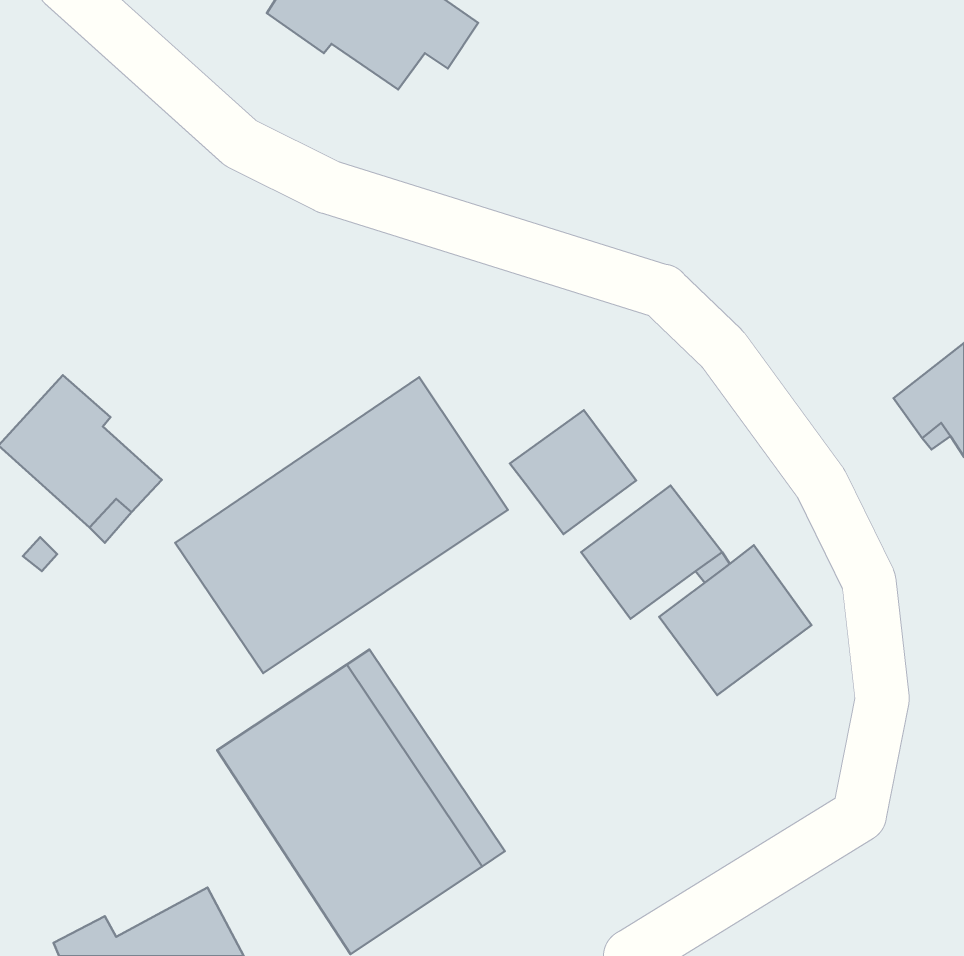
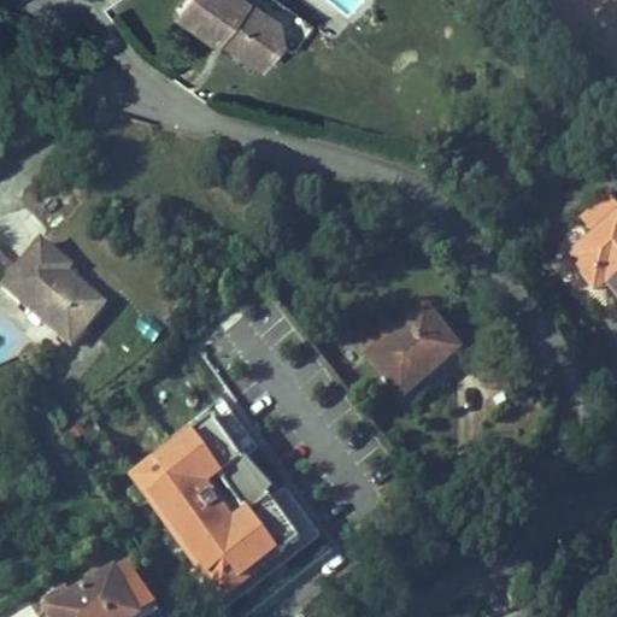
building: [175,377,508,673] -> none
building: [510,410,636,534] -> none
building: [659,545,811,695] -> none

